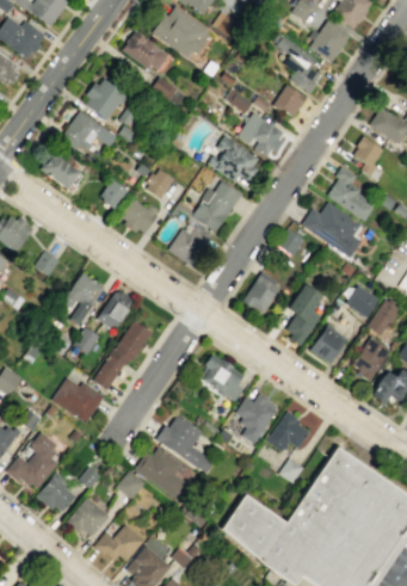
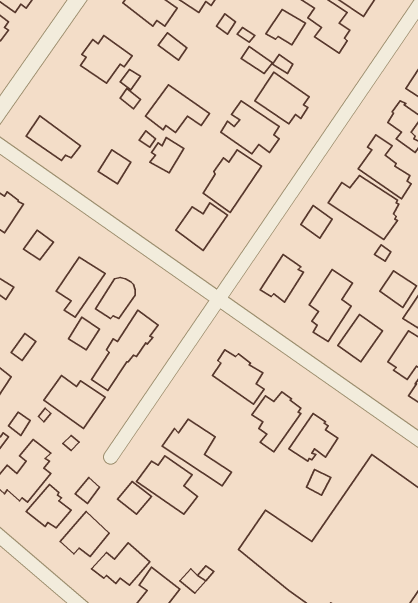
building: [272,85,307,116] -> [266,9,305,45]
building: [61,111,117,153] -> [145,85,209,132]
building: [121,198,160,234] -> none

